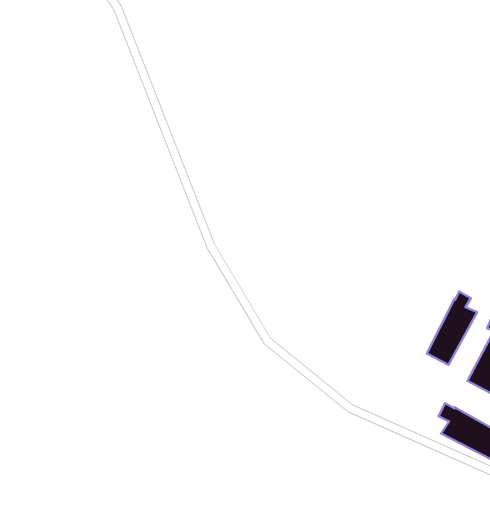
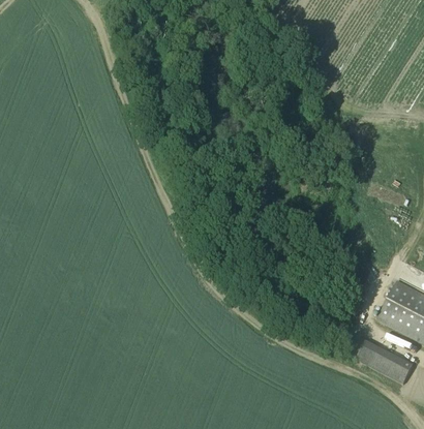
building: [427,292,477,365] -> none

